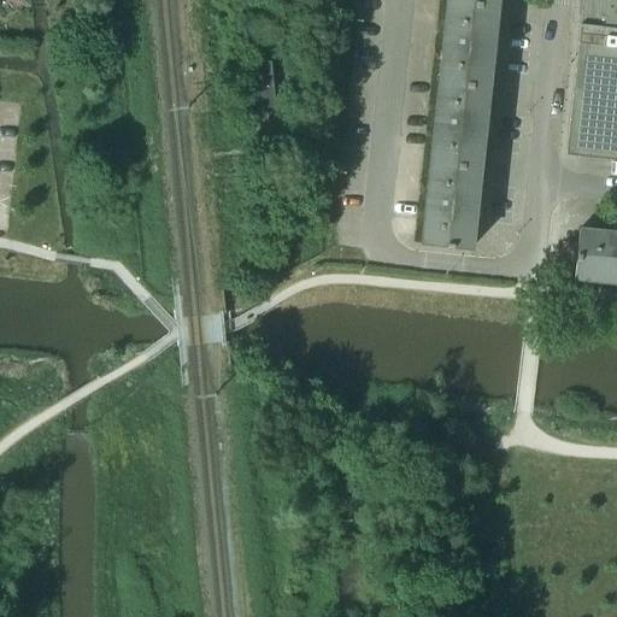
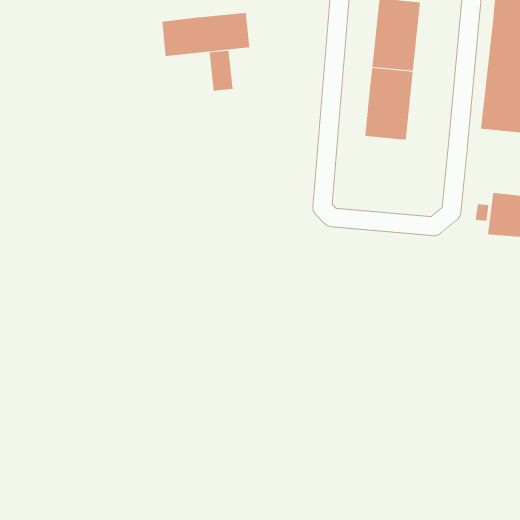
building: none -> [162,12,250,57]
building: [425,160,482,247] -> none

